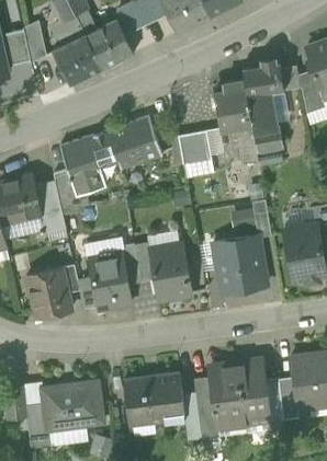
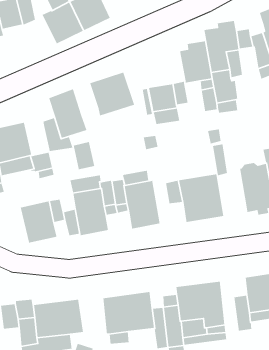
building: [90,129,119,166] -> none
building: [35,181,61,215] -> [73,141,95,170]

